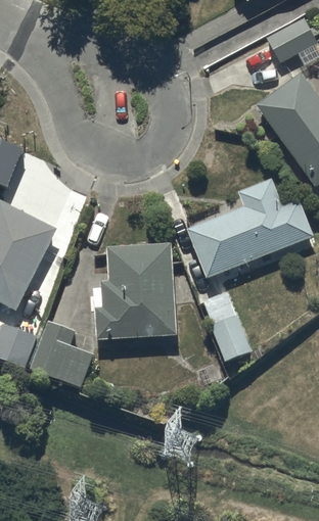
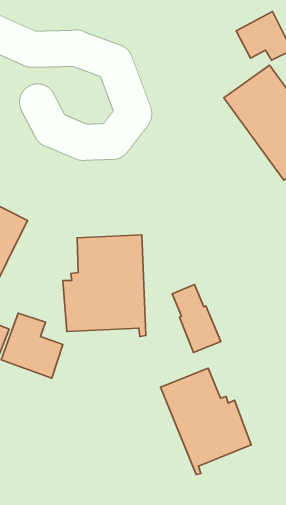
building: [186,178,313,278] -> none
building: none -> [161,368,251,475]

